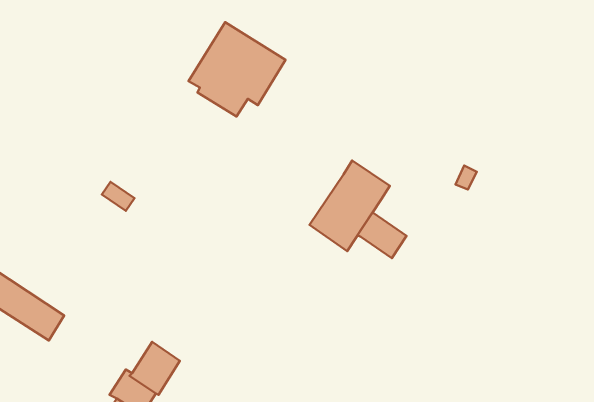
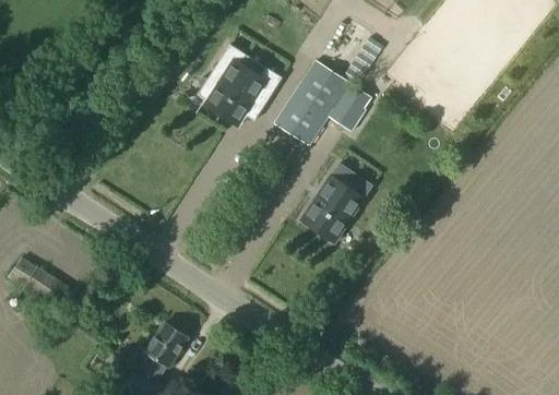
building: none -> [274,60,370,146]
building: [358,213,406,258] -> none

